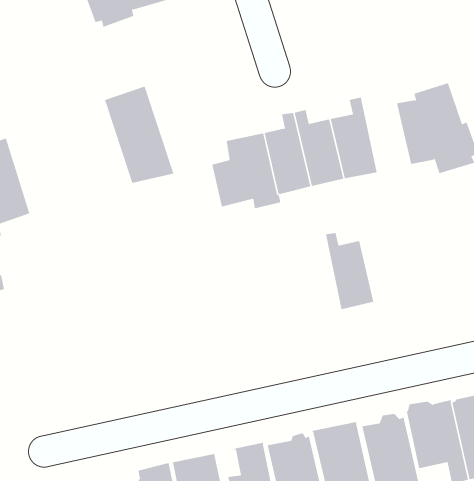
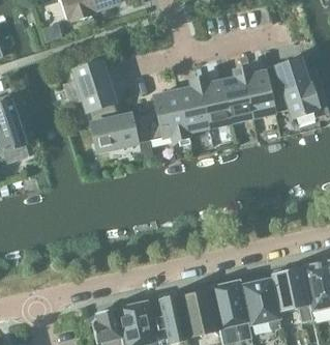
building: none -> [90,112,151,151]
building: [325,233,374,310] -> [243,66,275,117]

